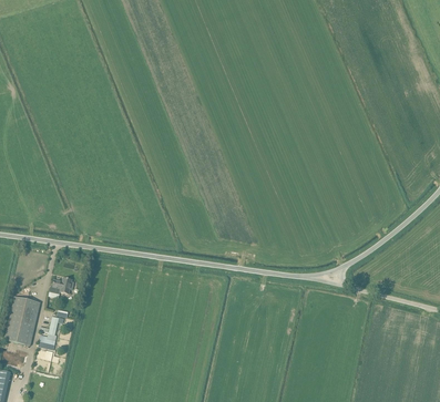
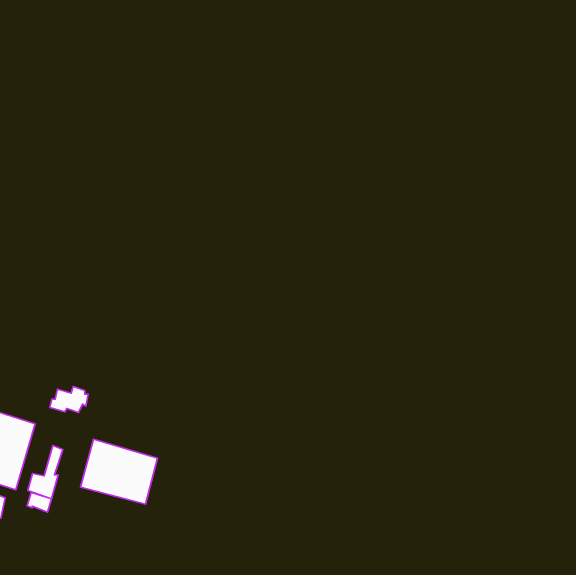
building: none -> [80,439,158,504]

